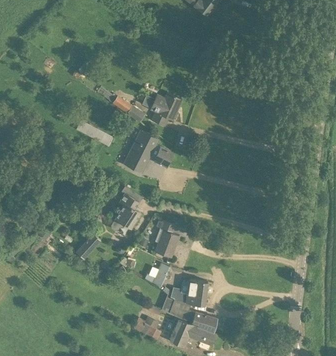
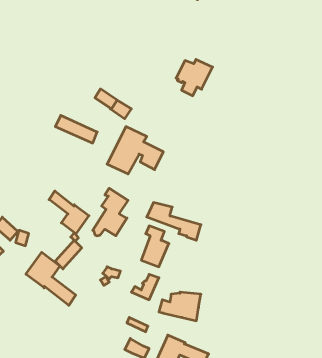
building: [148,92,181,125] -> [176,59,213,96]
building: none -> [49,191,89,234]
building: none -> [26,252,76,305]
building: [167,298,216,332] -> [147,203,201,240]

